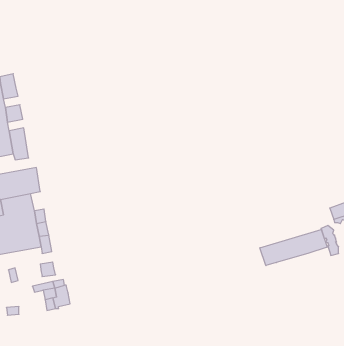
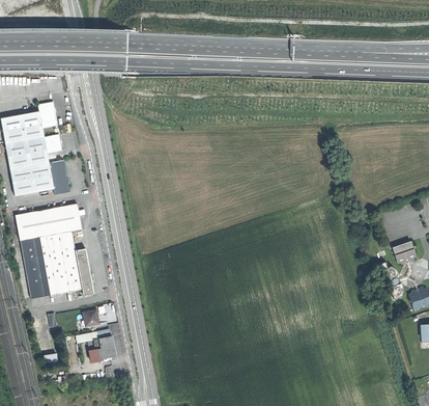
building: [260,229,327,266] -> none

